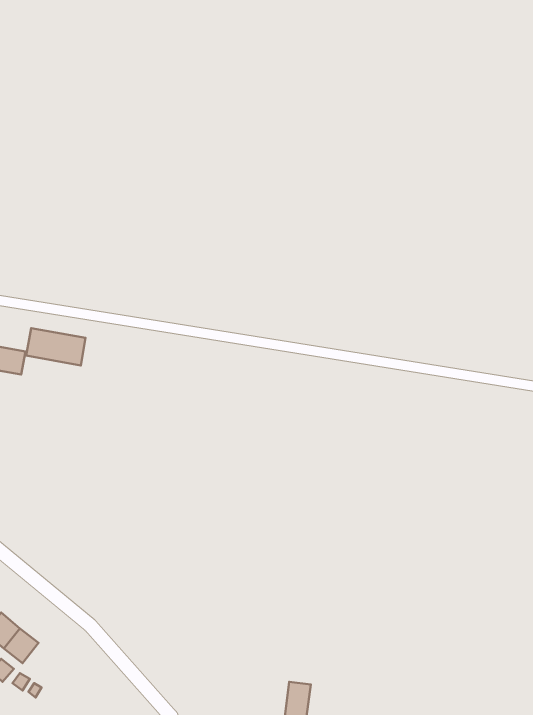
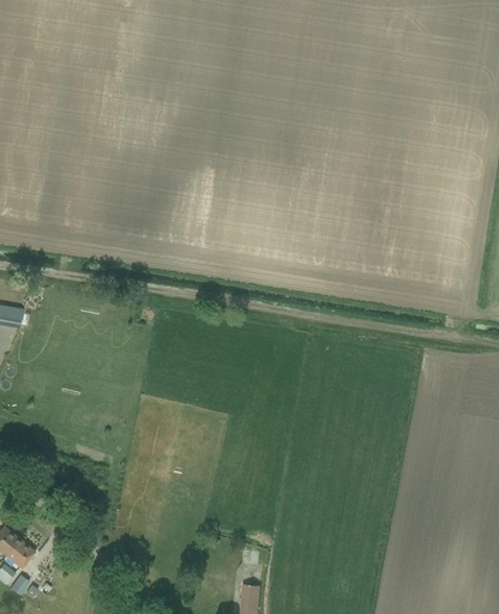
building: [26,328,86,365] -> none

